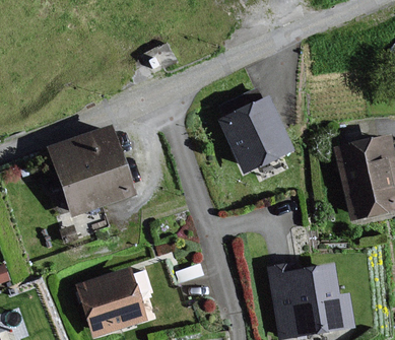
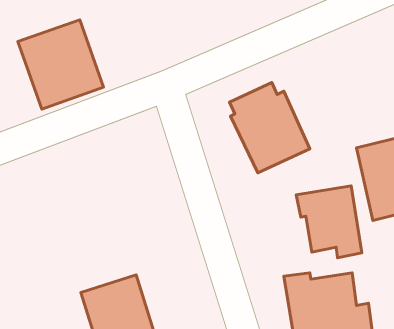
building: [54,127,134,210] -> [18,20,104,109]
building: none -> [296,186,362,258]

